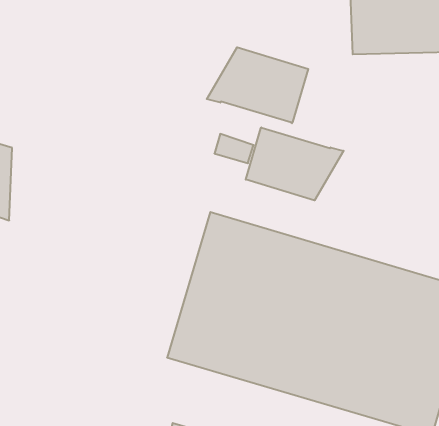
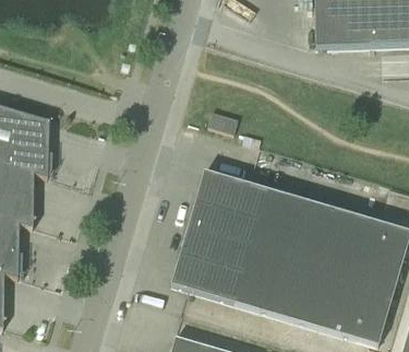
building: [207,47,308,123] -> none
building: [246,127,344,200] -> none

